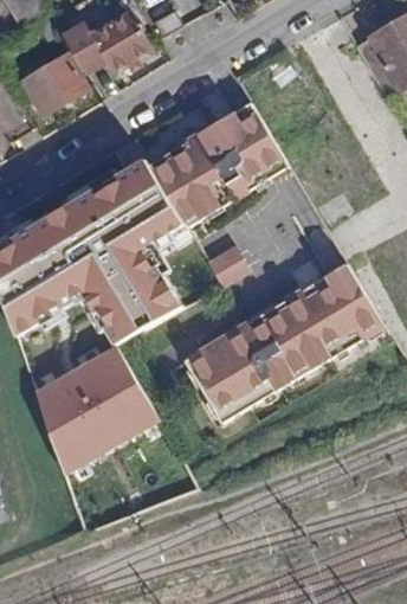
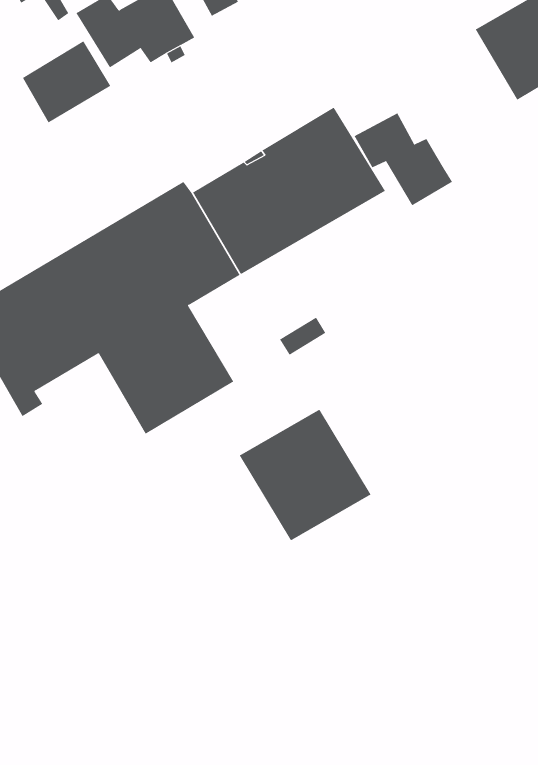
building: none -> [354,113,453,206]
building: [239,261,383,386] -> none
building: [33,347,157,475] -> none

